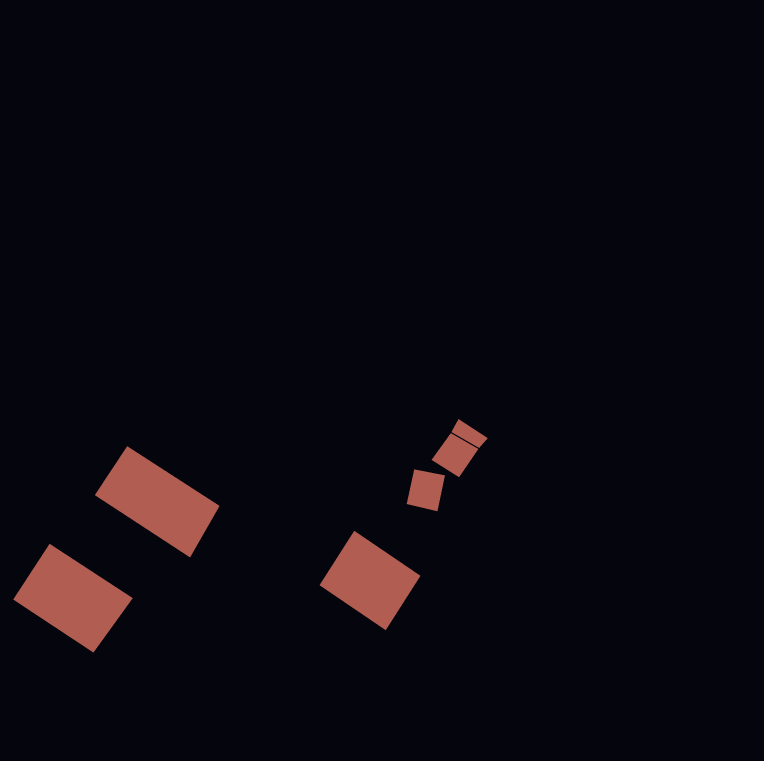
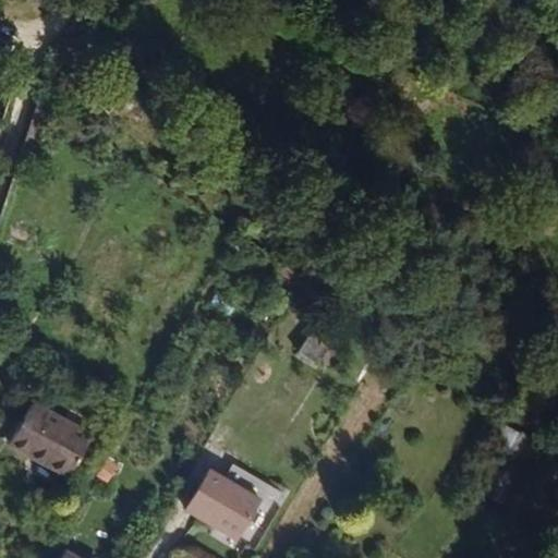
building: [94,445,220,558] -> none
building: [318,530,421,631] -> [187,466,260,538]

